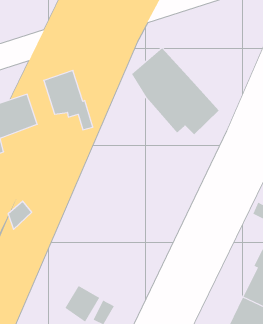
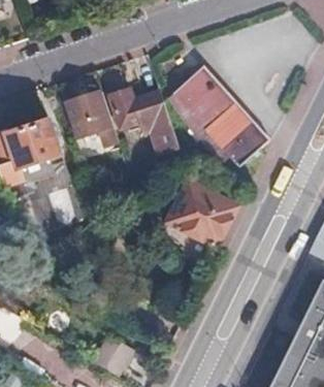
building: none -> [109,90,179,151]
building: none -> [165,181,237,248]

